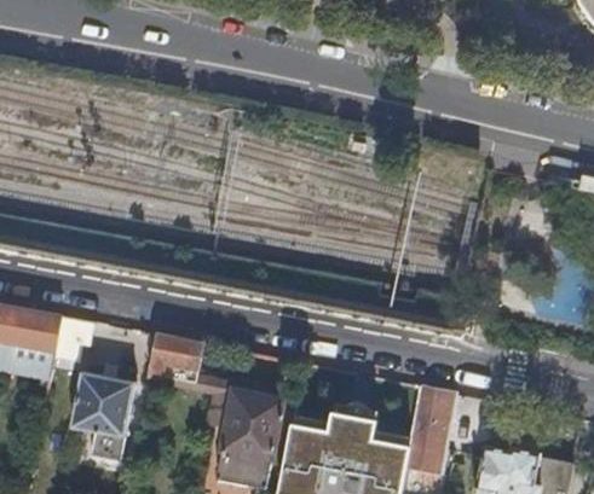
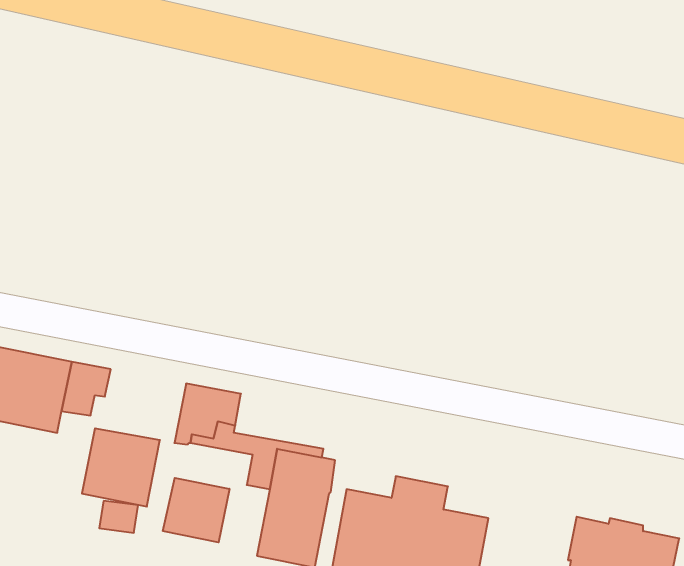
building: [406,387,455,477] -> none
building: none -> [163,478,229,542]

